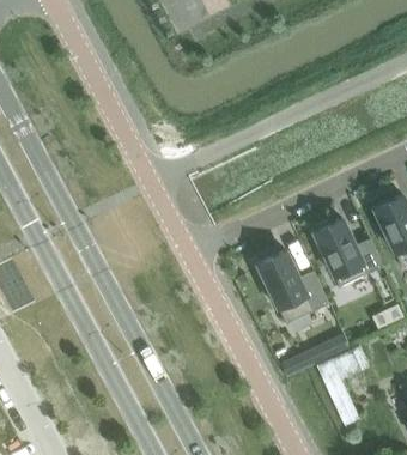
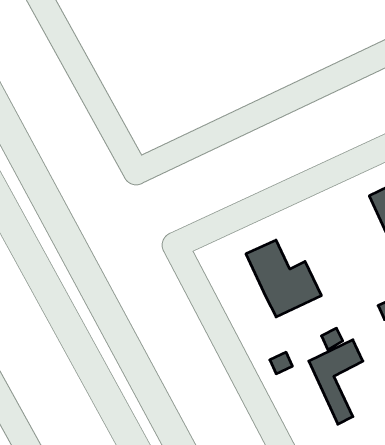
building: [312,219,382,287] -> none

